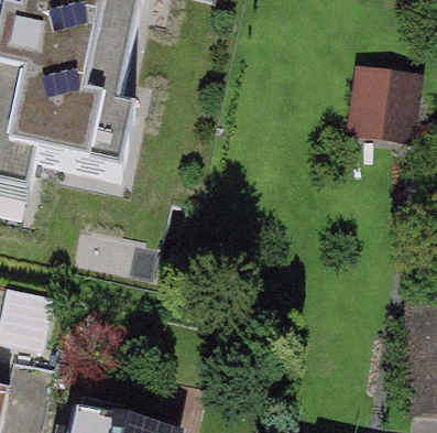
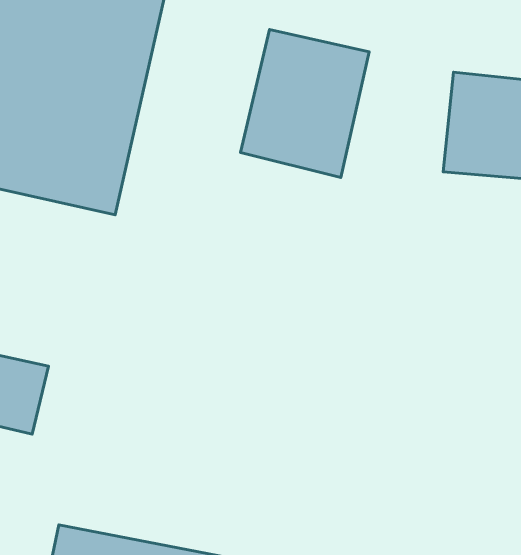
building: none -> [241,29,369,177]

